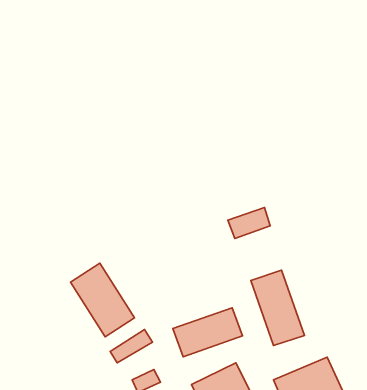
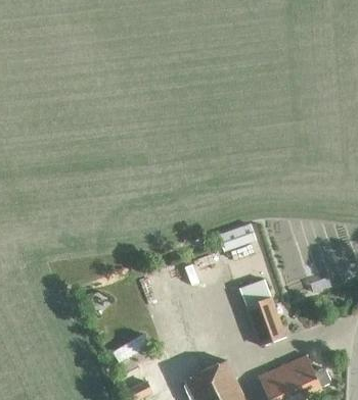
building: [71,263,134,337] -> none
building: [173,308,242,357] -> none

